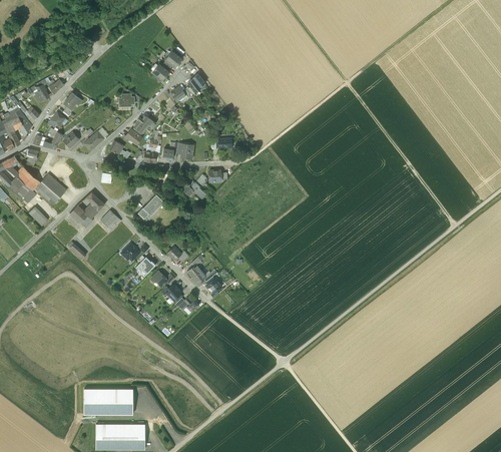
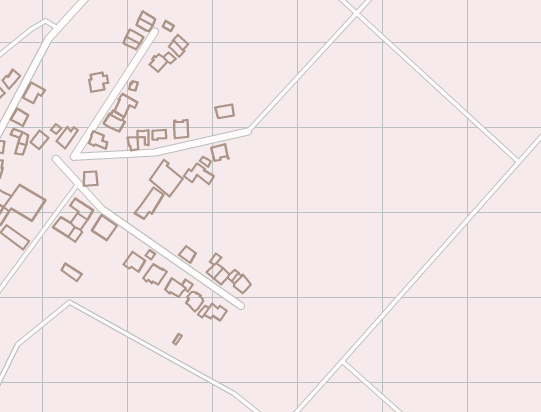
building: none -> [150,160,183,196]

